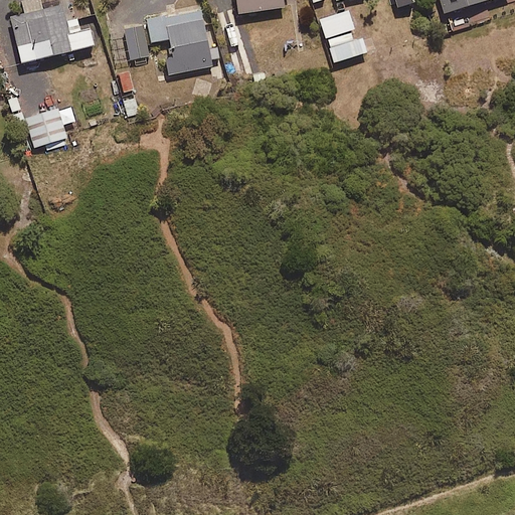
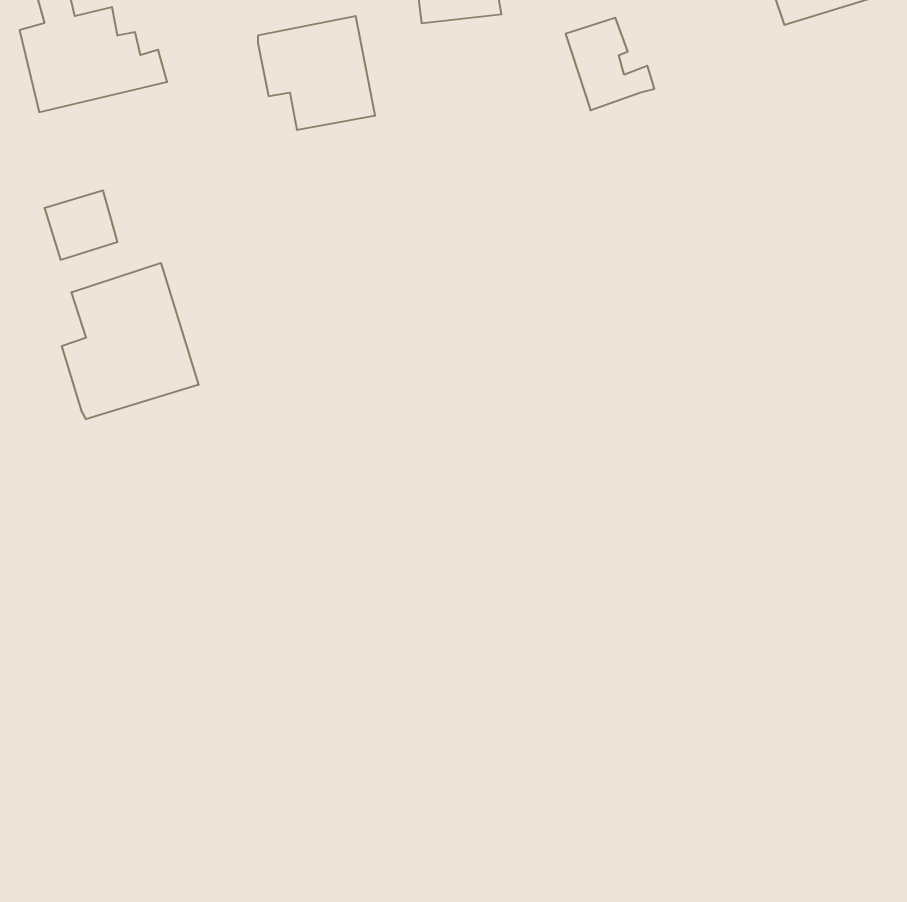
building: [121,24,152,59] -> none
building: none -> [62,263,199,419]

